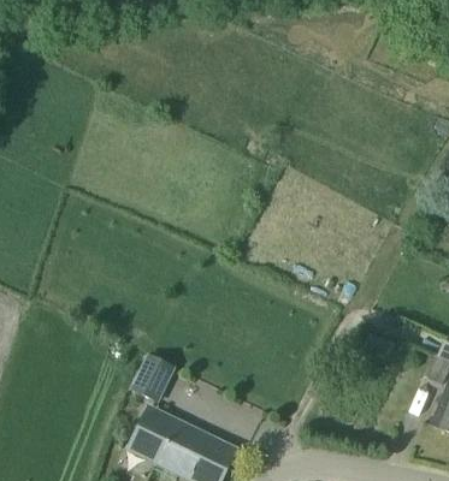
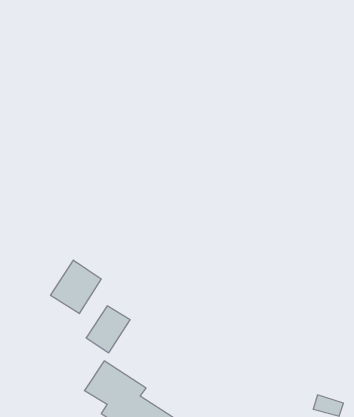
building: none -> [51,260,101,314]

